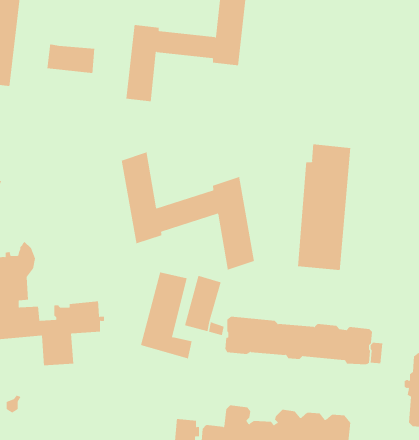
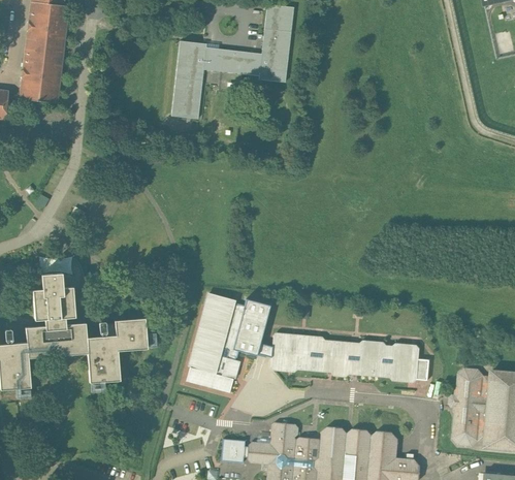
building: [47,43,95,74] -> none
building: [297,143,351,271] -> none
building: [121,152,254,270] -> none
building: none -> [186,363,233,391]

